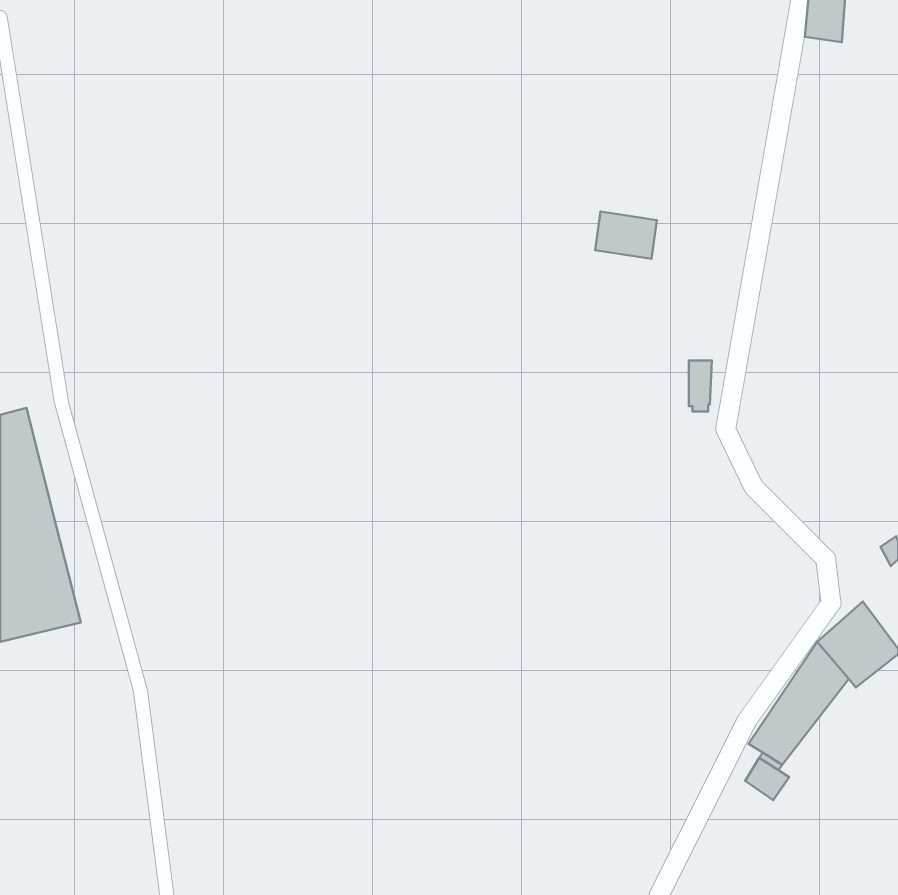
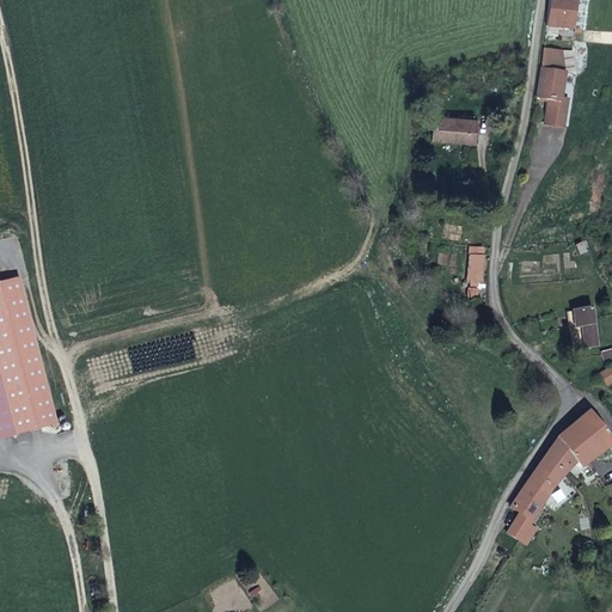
building: none -> [536,48,571,127]
building: [595,211,657,259] -> [433,111,475,143]
building: none -> [571,307,598,347]

